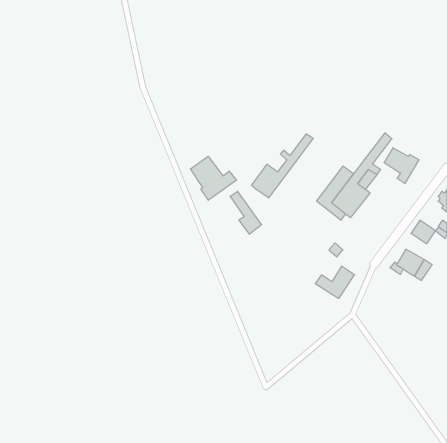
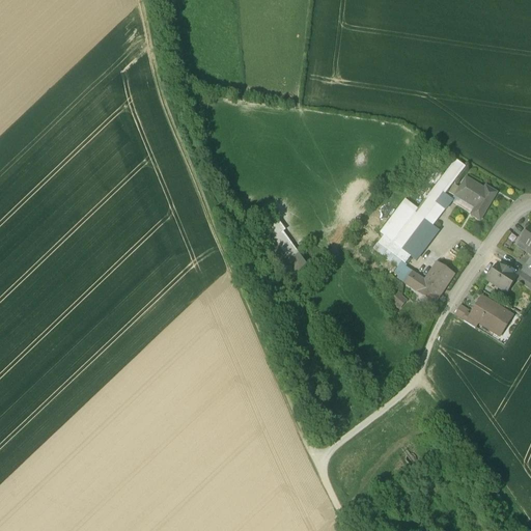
building: [252,134,313,198] -> none
building: [190,156,236,200] -> none
building: [315,266,355,298] -> [406,261,452,300]

